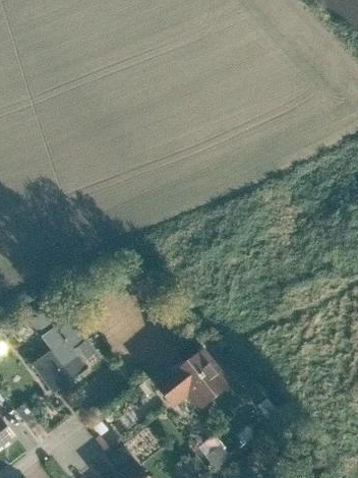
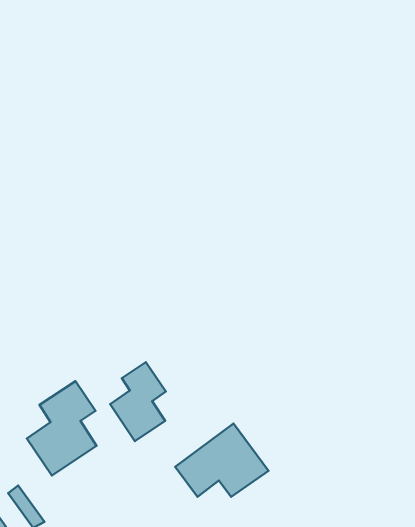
building: none -> [110,362,166,441]

